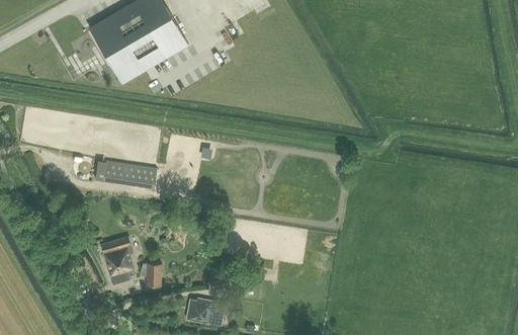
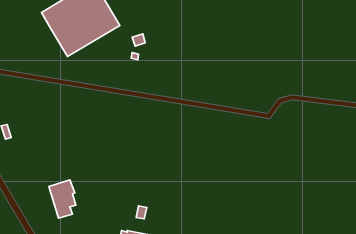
building: [103,162,156,187] -> none
building: [139,263,161,286] -> none

